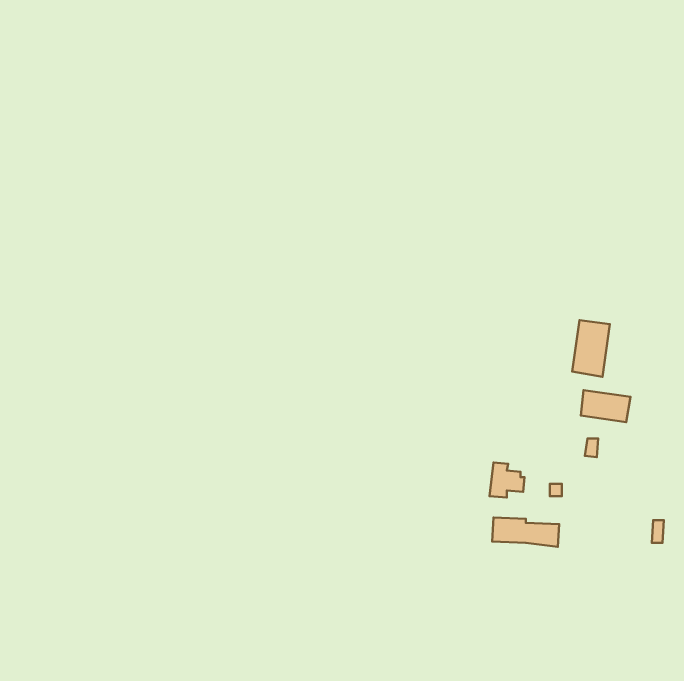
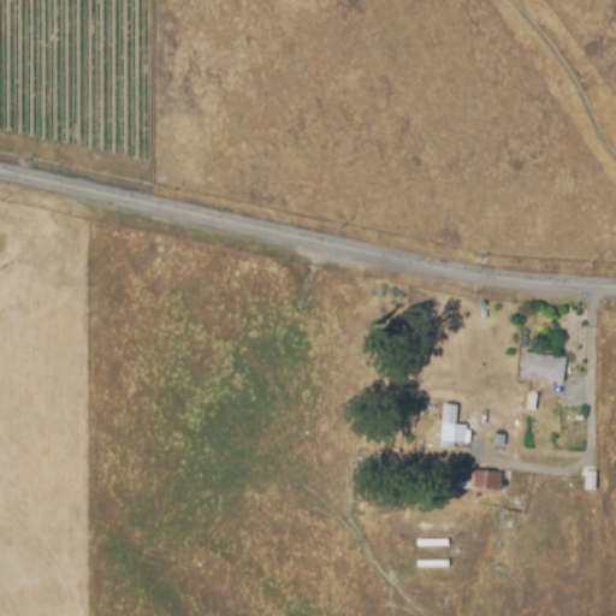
building: [572,320,610,377] -> none

